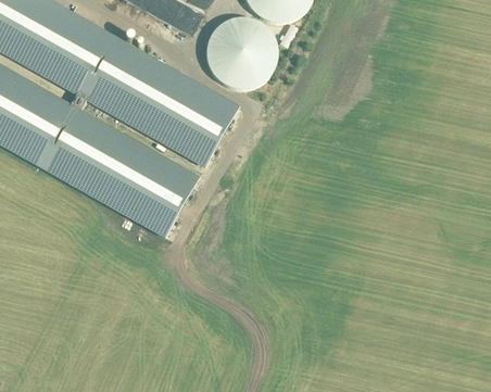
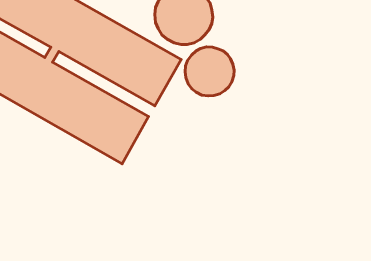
building: none -> [185,47,234,96]

